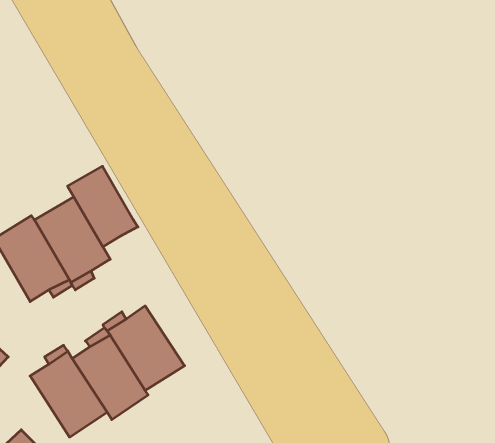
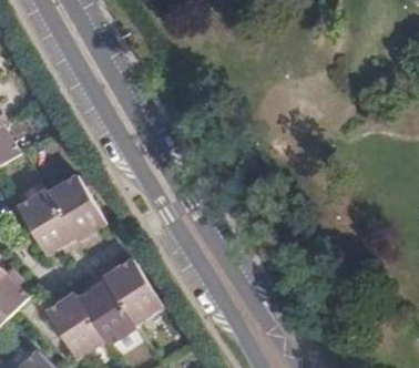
building: [68,166,138,247] -> none

